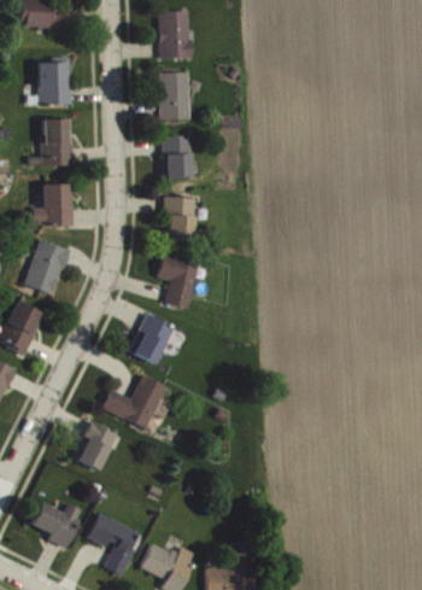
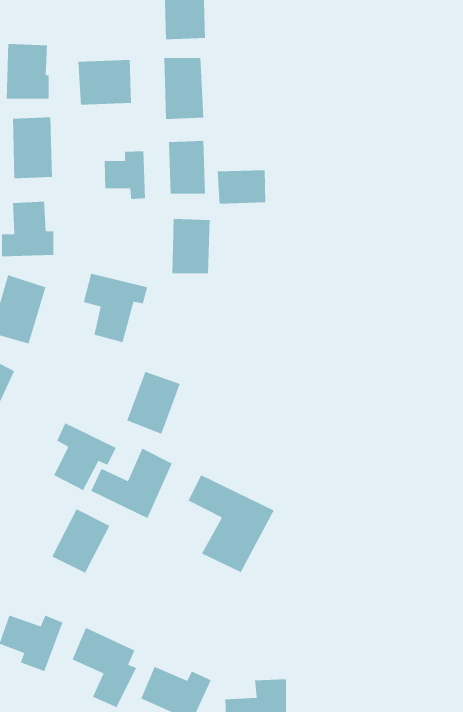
building: none -> [77,59,132,106]
building: none -> [104,151,146,200]
building: none -> [217,169,266,205]
building: [156,255,206,309] -> [83,273,148,343]
building: none -> [53,422,117,491]
building: none -> [187,474,275,573]

